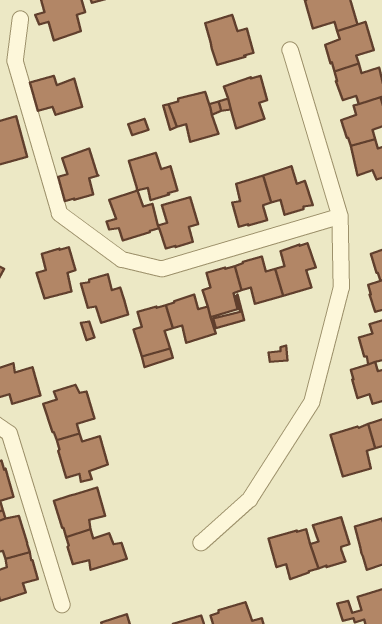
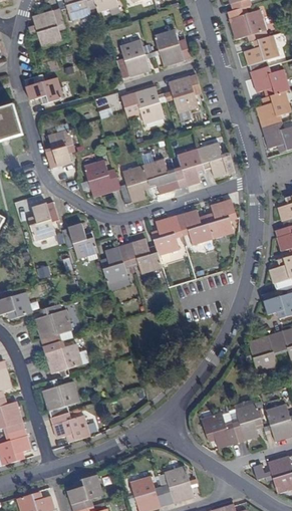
building: none -> [116,39,151,77]
building: [129,153,177,200] -> [143,159,180,194]

